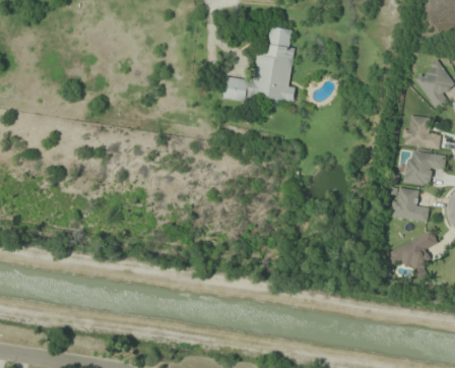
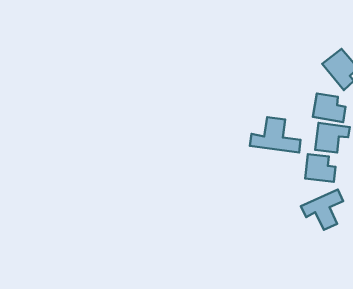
building: [222,27,296,108] -> none
building: none -> [250,117,301,152]

